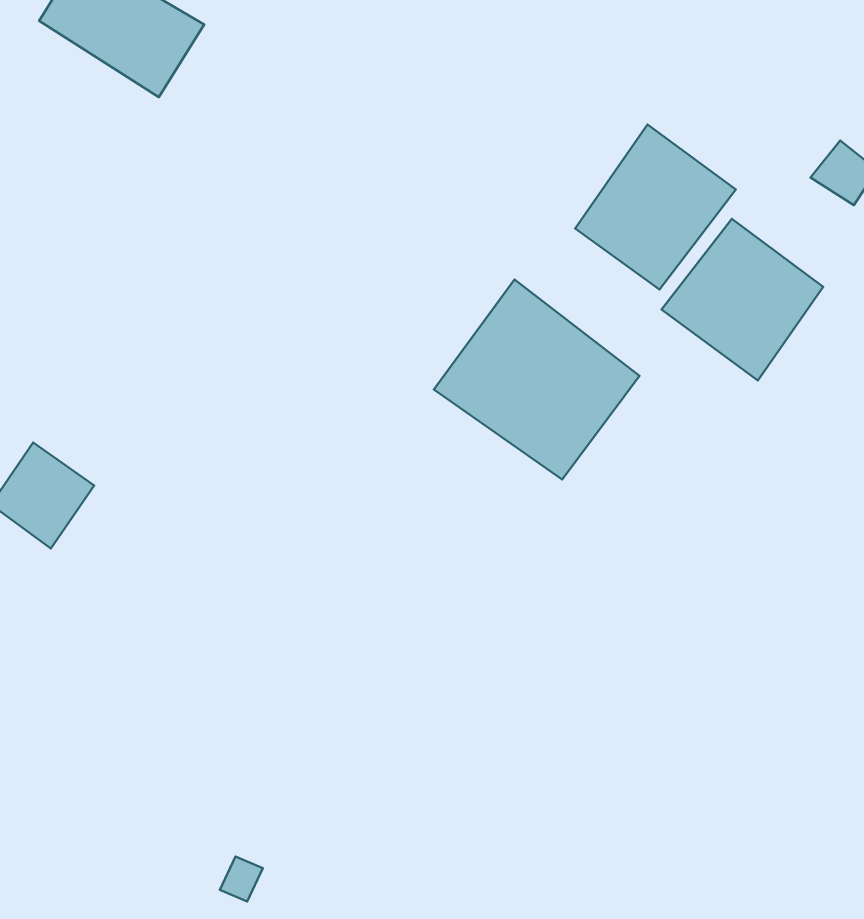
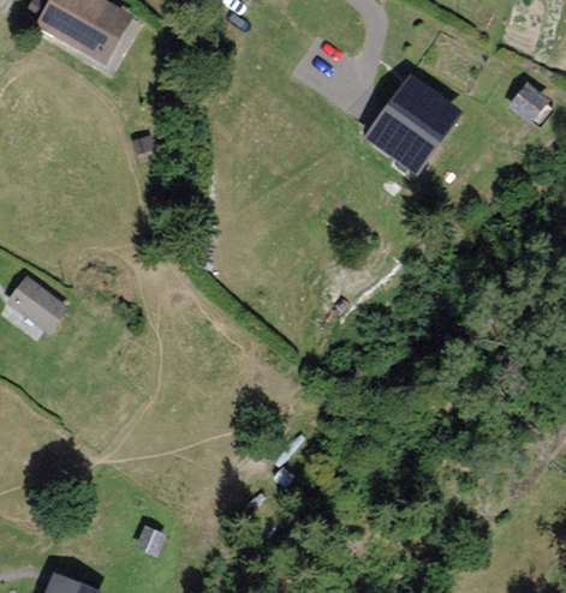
building: [661,219,823,380] -> none
building: [434,280,639,480] -> none

